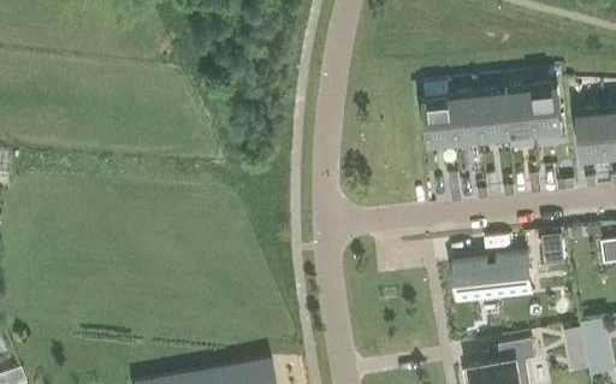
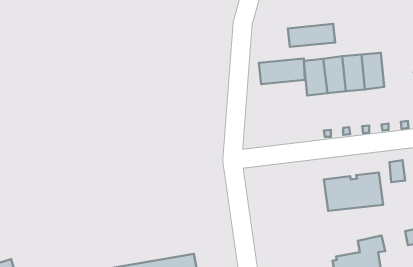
building: none -> [288,24,335,47]
building: [529,83,562,134] -> none
building: none -> [259,58,305,84]

